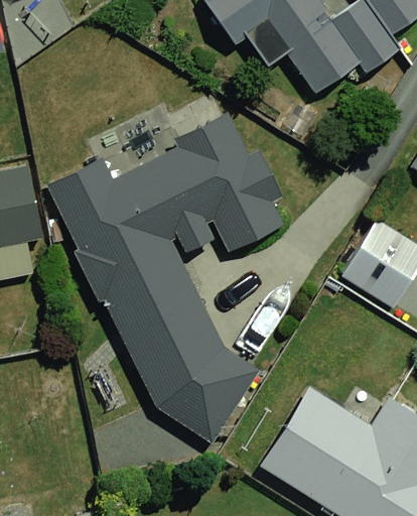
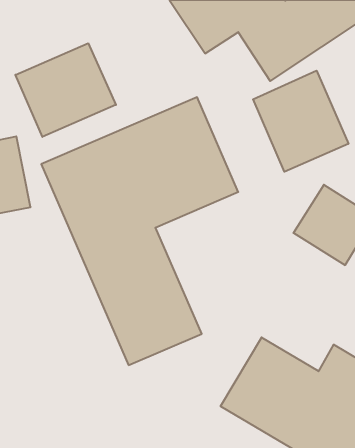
building: none -> [15,43,116,137]
building: none -> [253,71,348,172]

